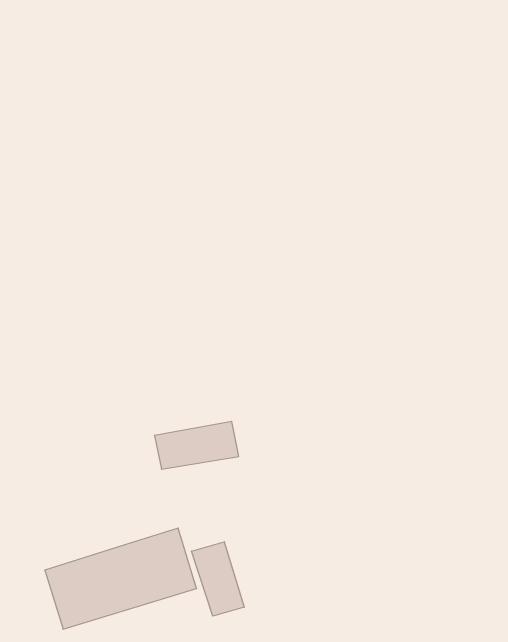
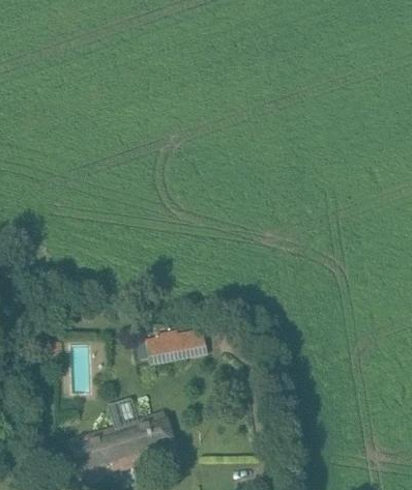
building: [192,542,244,616] -> none

